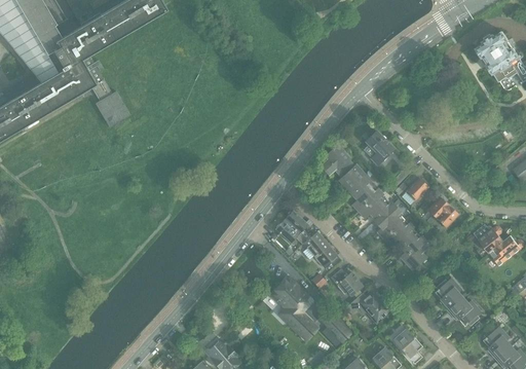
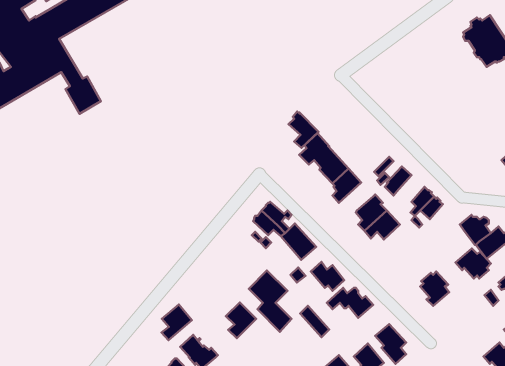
building: [365,130,393,164] -> [289,111,319,148]
building: [358,192,390,219] -> none
building: [399,232,428,270] -> none
building: [448,297,482,326] -> [456,249,491,279]
building: none -> [226,302,256,338]
building: none -> [162,305,192,340]
building: [483,326,512,359] -> none

